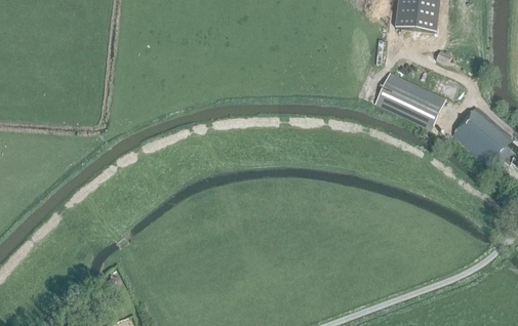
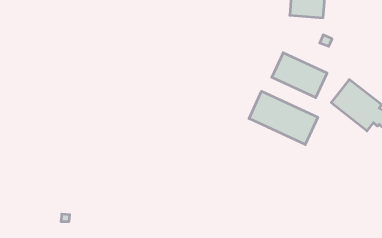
building: none -> [249,91,318,145]

